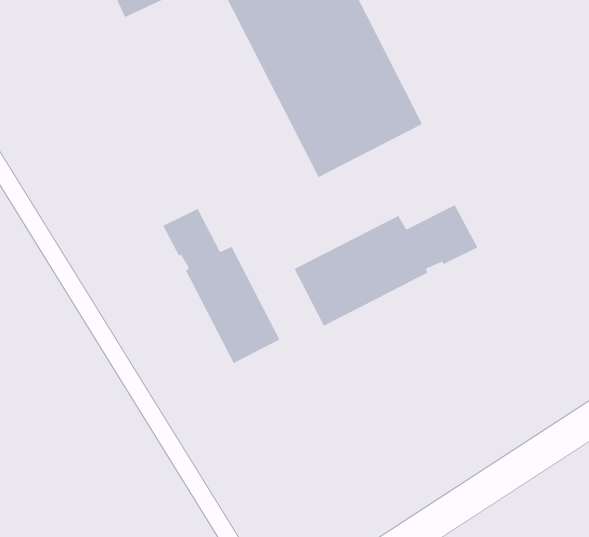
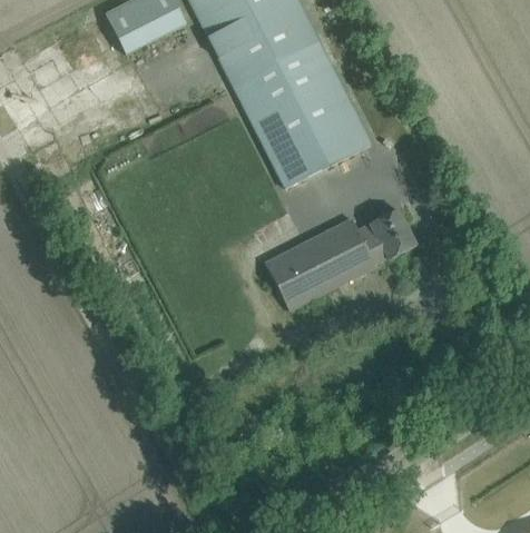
building: [162,208,280,364] -> none

